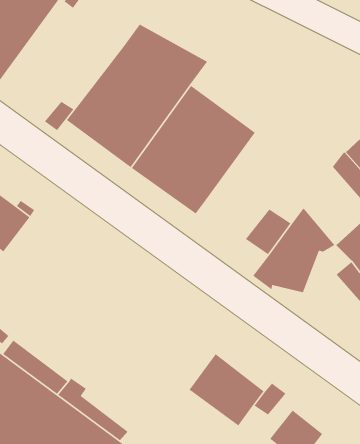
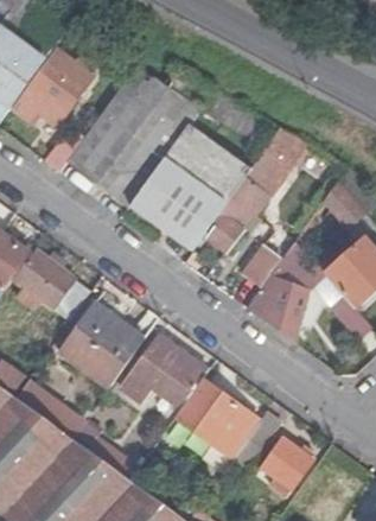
building: none -> [23,51,81,126]
building: none -> [202,140,299,252]
building: none -> [17,254,90,318]
building: none -> [57,304,142,388]
building: none -> [122,335,211,411]

